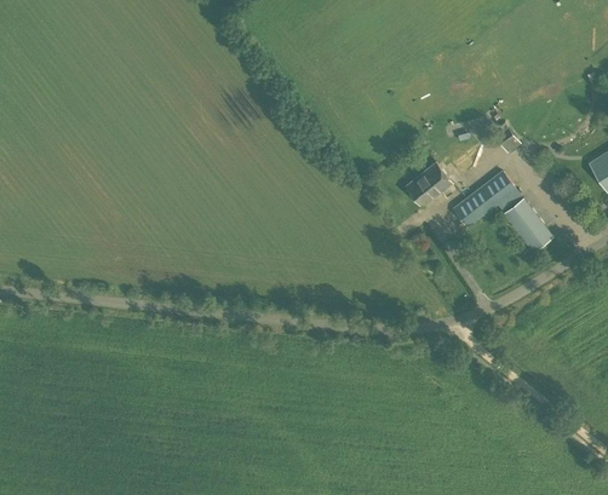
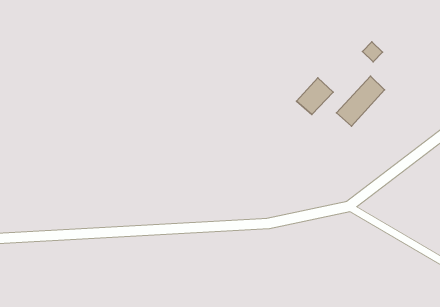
building: [503,198,552,253] -> none

